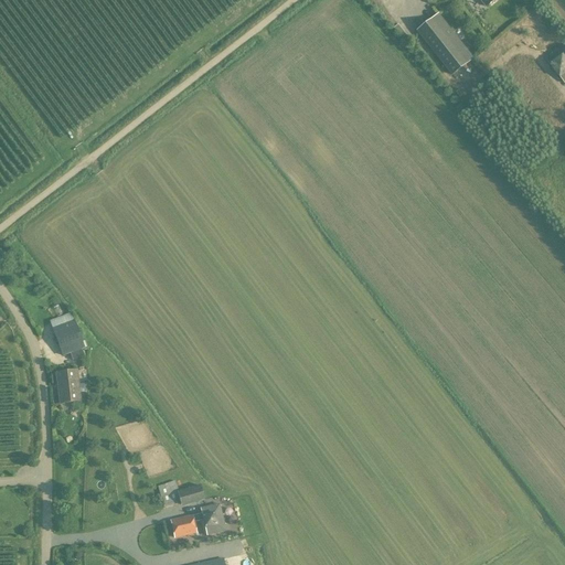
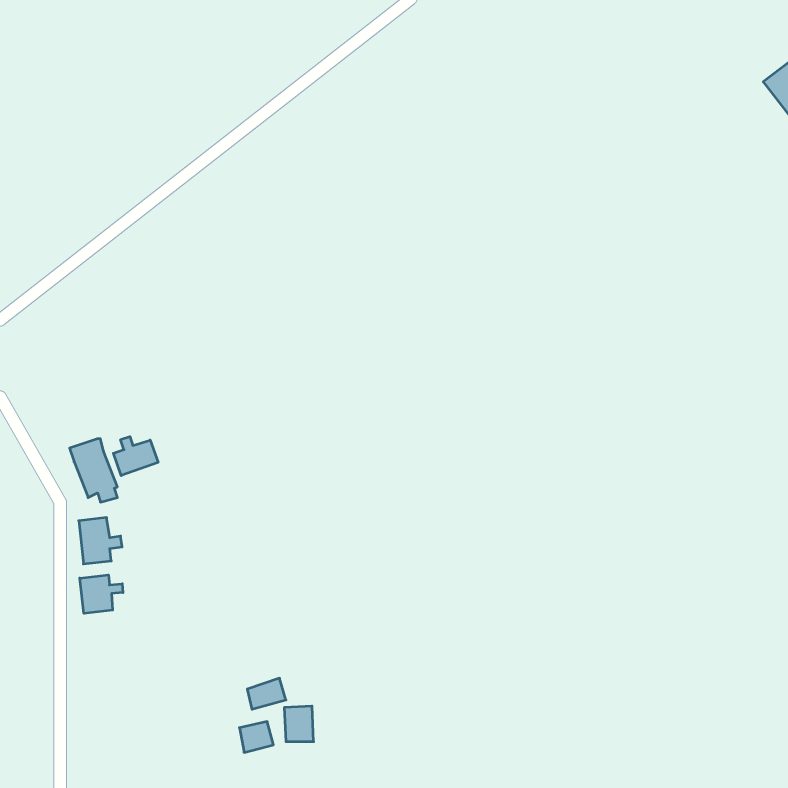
building: [417,13,472,73] -> none
building: none -> [113,437,158,476]
building: none -> [80,575,123,613]

